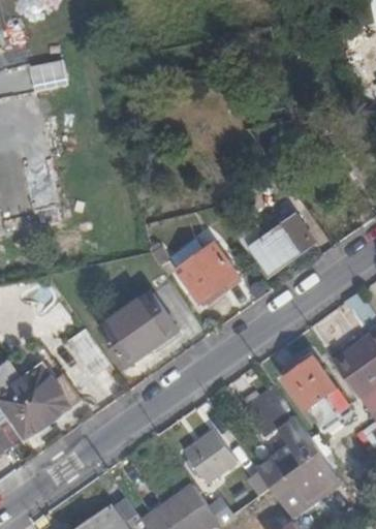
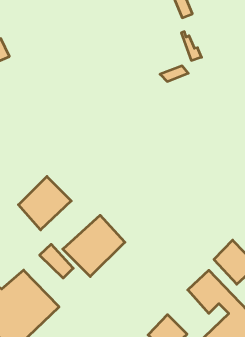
building: [234,218,313,277] -> none
building: none -> [18,176,71,230]
building: [178,247,237,304] -> none

